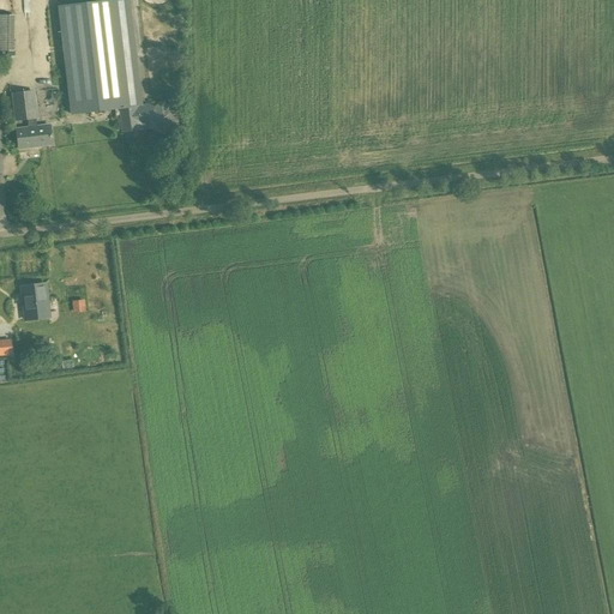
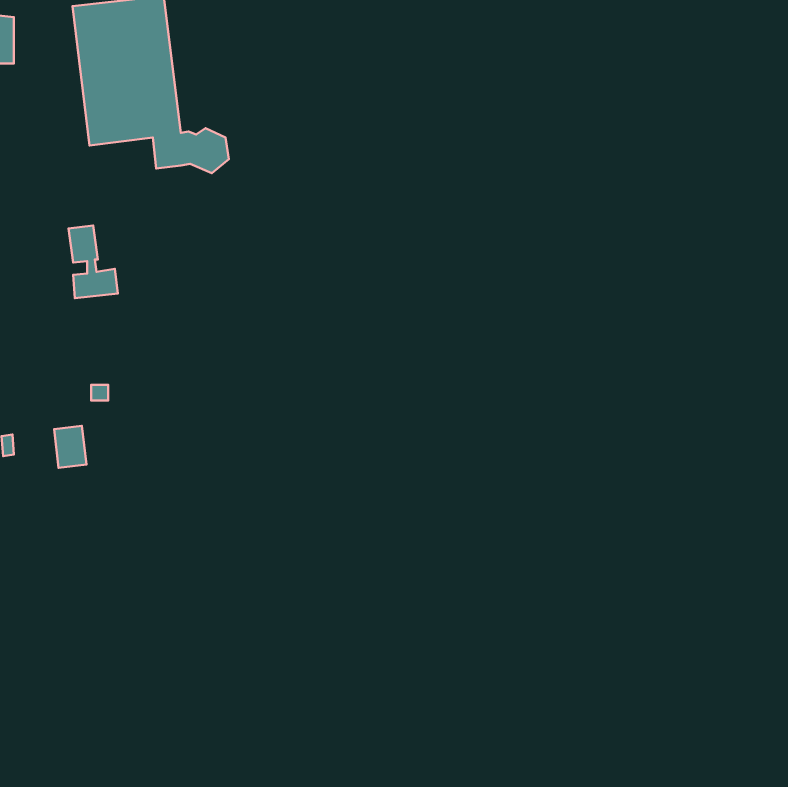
building: [12,90,50,146] -> [69,225,118,298]
building: [22,284,47,317] -> [54,426,86,468]

